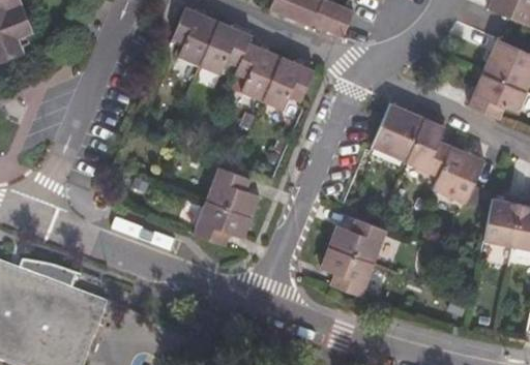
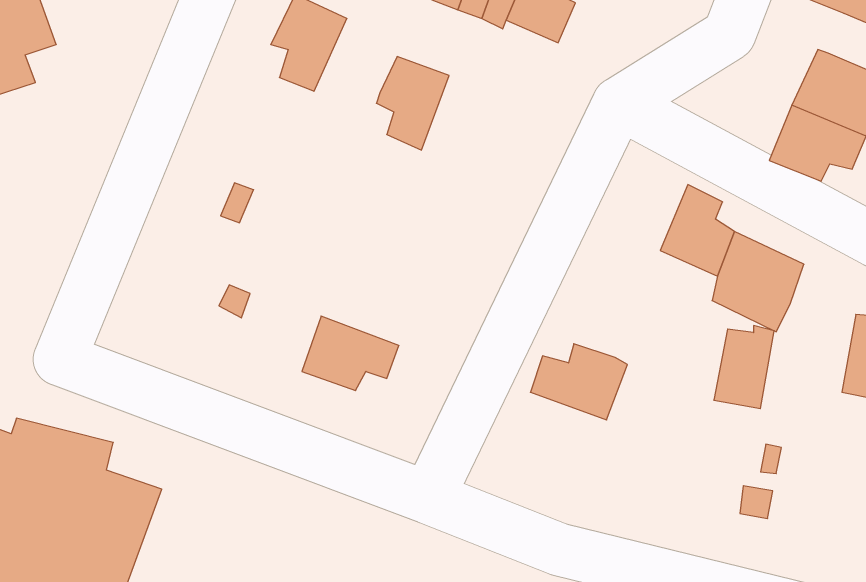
building: [196,21,249,73] -> none
building: [260,55,313,109] -> none
building: [377,110,419,159] -> none
building: [200,163,255,216] -> none
building: [483,194,520,244] -> [714,326,774,409]
building: [318,244,371,295] -> none

